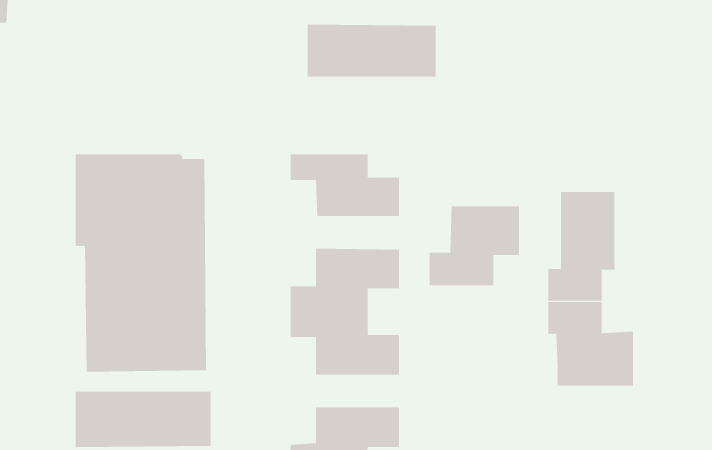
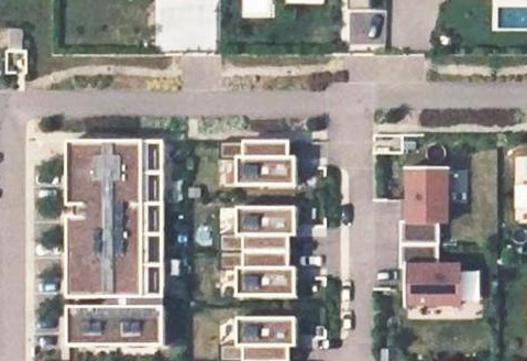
building: [307,24,436,77] -> none
building: [429,206,520,286] -> none

